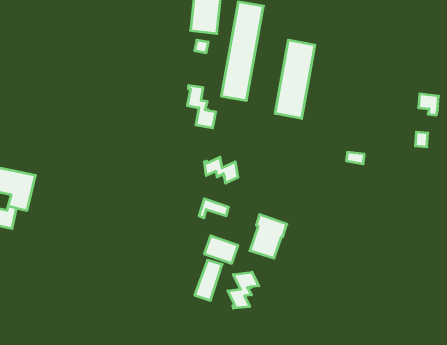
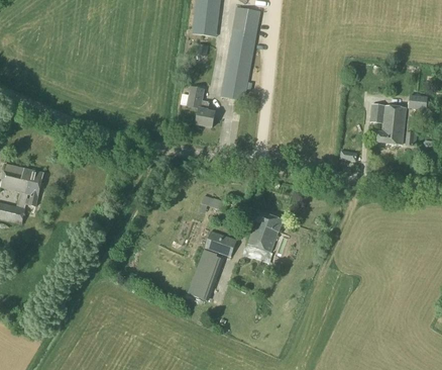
building: [275,40,315,119] -> none
building: none -> [370,103,406,144]
building: [204,157,238,183] -> none
building: [228,272,259,308] -> none

